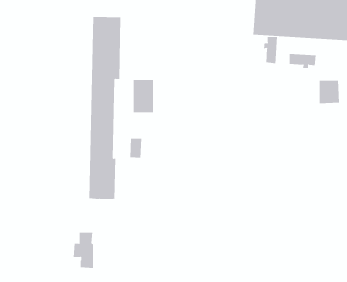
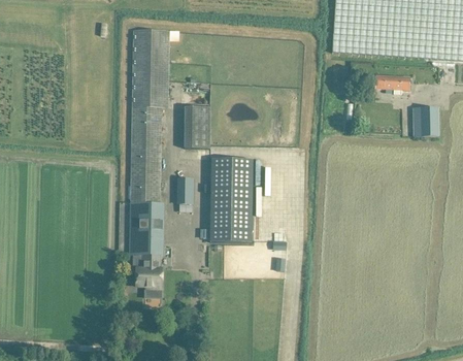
building: [263,36,278,64] -> none
building: none -> [210,158,253,241]
building: [73,232,94,268] -> [136,254,162,298]

